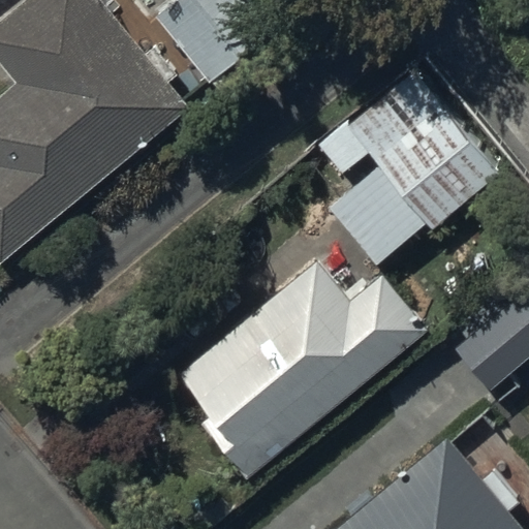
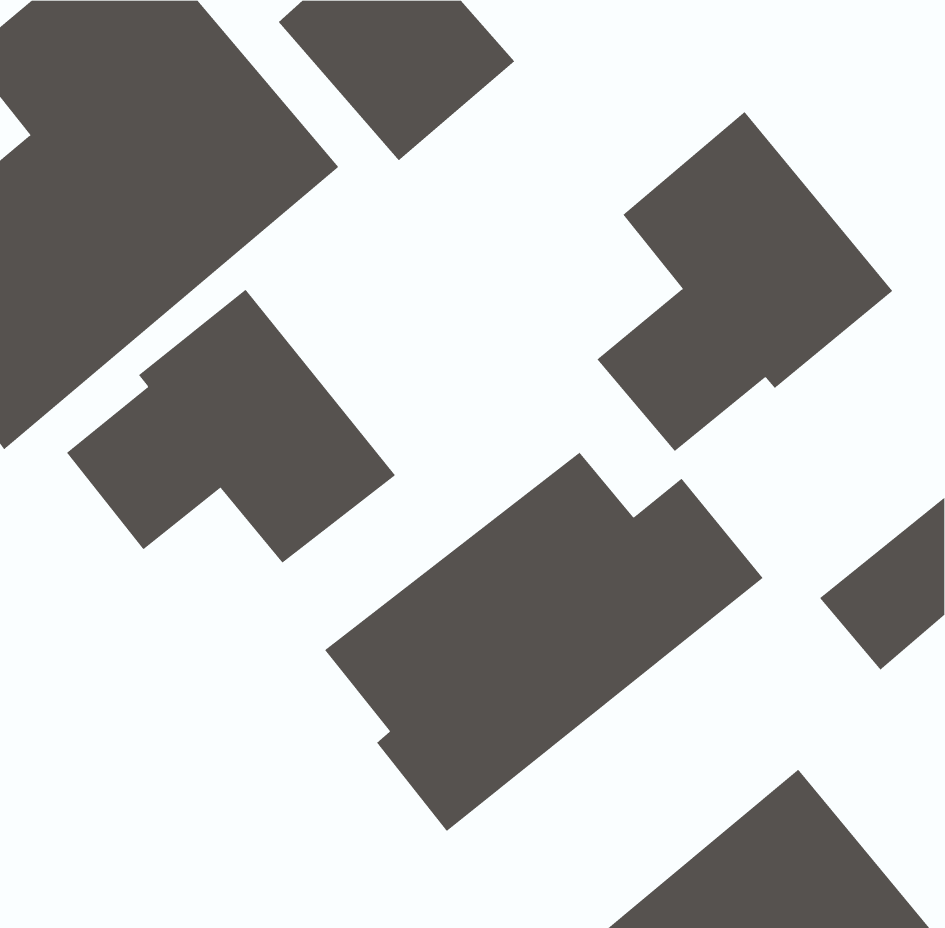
building: none -> [66,289,396,564]

